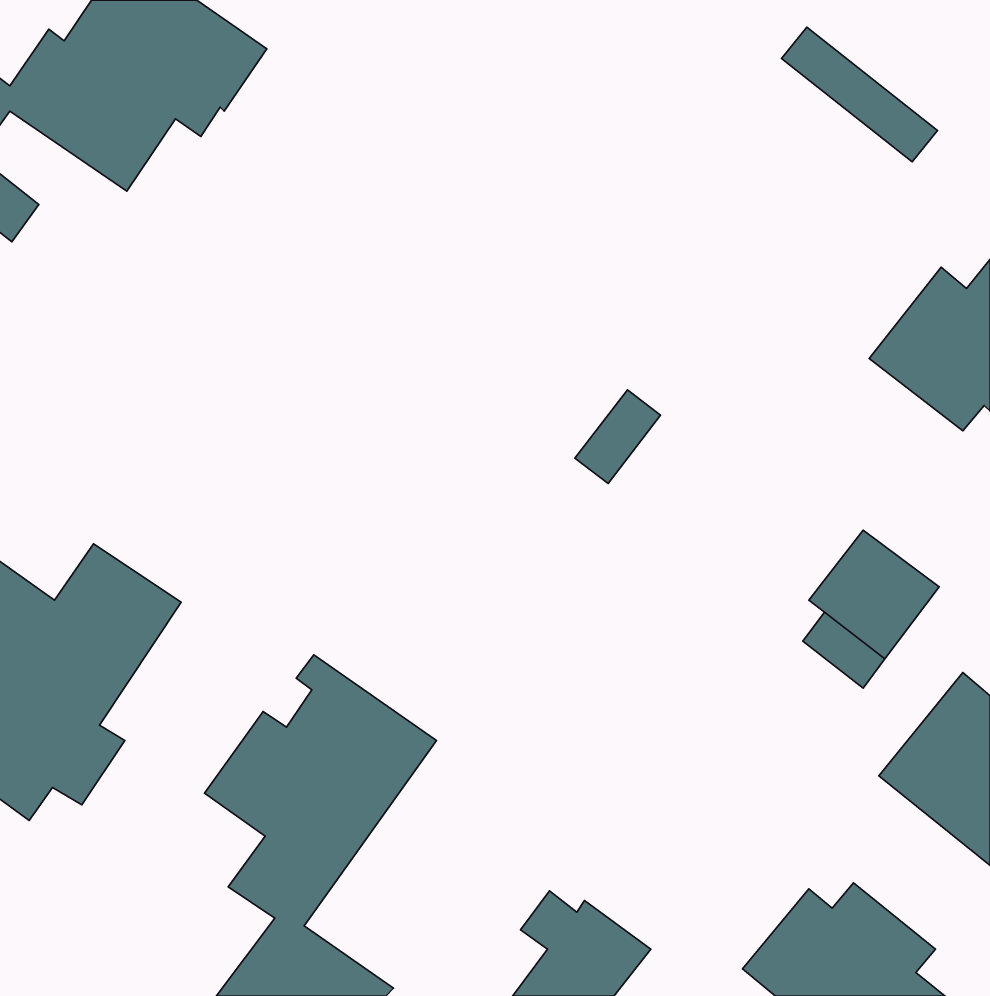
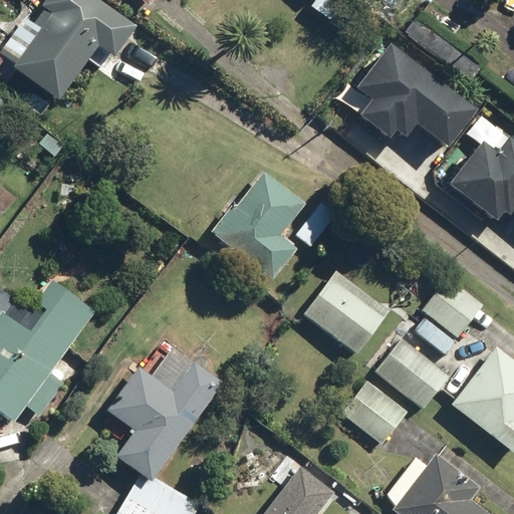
building: none -> [355,41,480,146]
building: none -> [213,170,303,278]
building: none -> [299,276,386,358]
building: none -> [374,341,449,413]
building: none -> [337,378,407,446]

